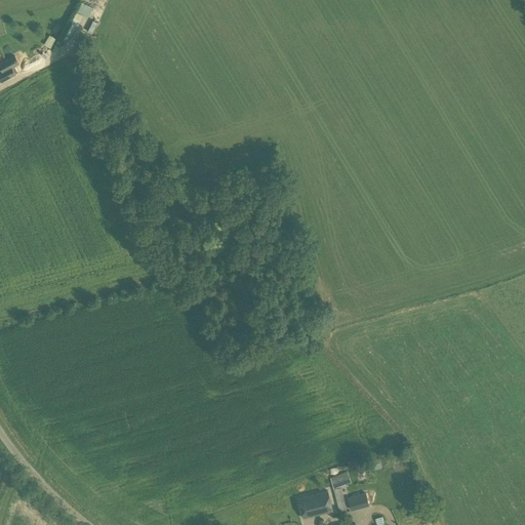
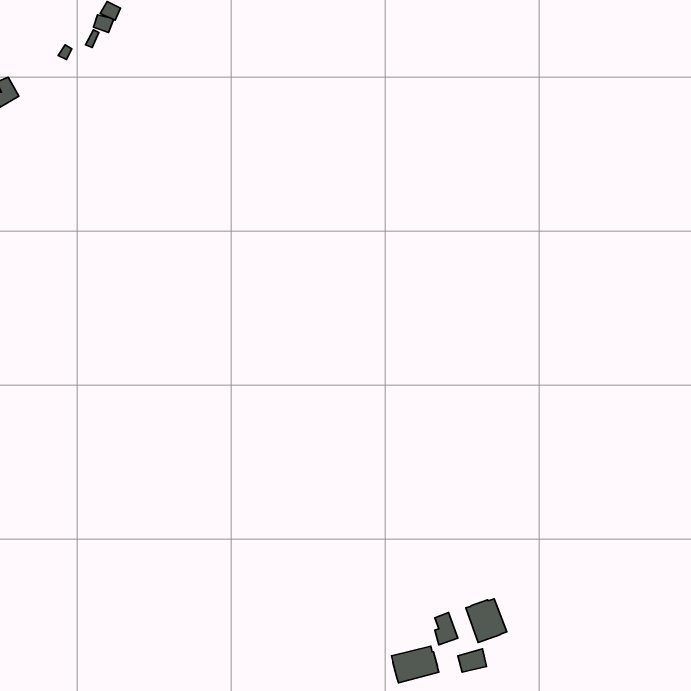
building: none -> [466,599,507,643]

